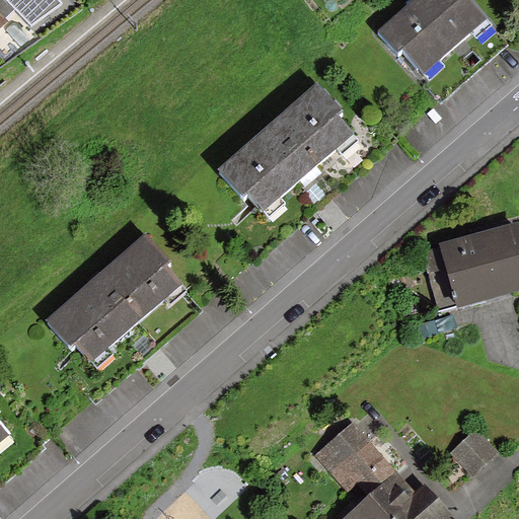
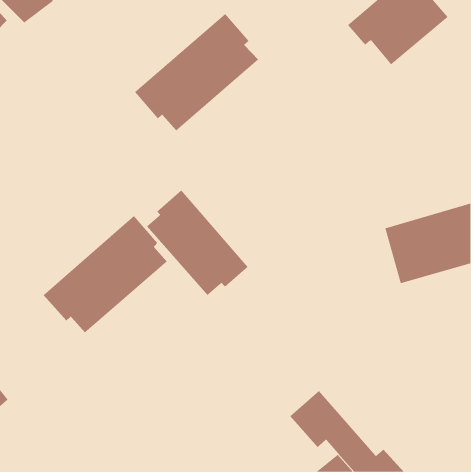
building: [218,83,354,212] -> [134,13,259,131]
building: none -> [146,190,249,296]
building: [449,429,494,473] -> none

